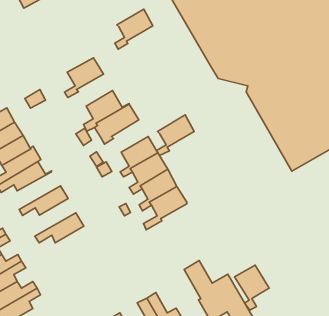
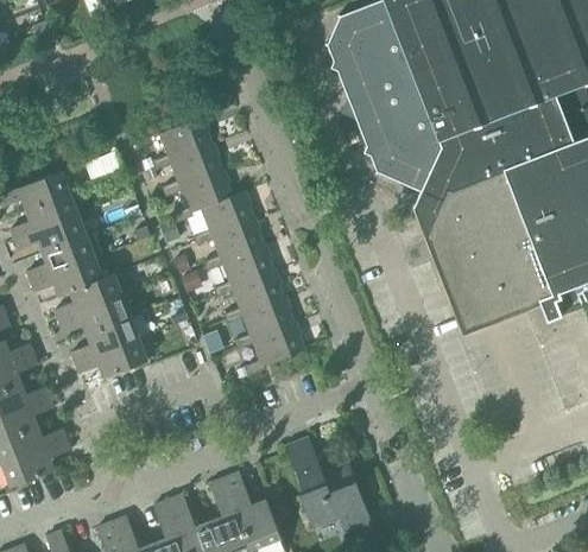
building: [115,9,153,49] -> [162,142,221,195]
building: [156,115,194,156] -> [203,217,263,271]
building: none -> [55,273,124,321]
building: none -> [70,316,140,363]
building: [235,265,269,310] -> none

